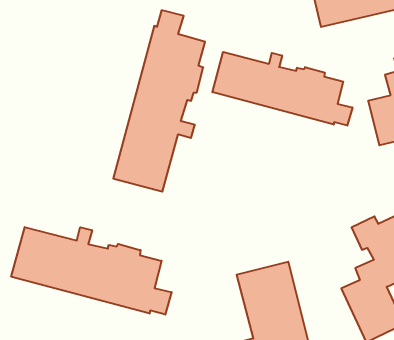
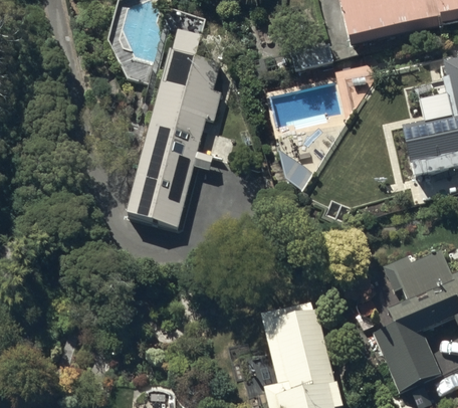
building: [212,52,352,126] -> none
building: [11,227,172,315] -> none

